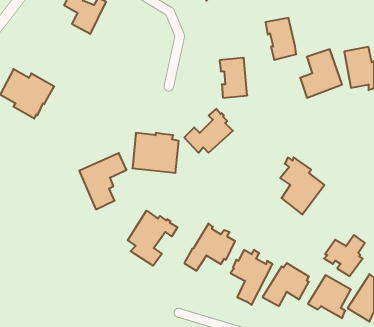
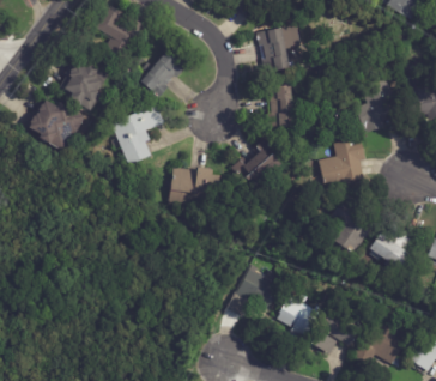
building: [265,18,296,60] -> [258,28,291,73]
building: none -> [140,52,184,99]
building: none -> [61,62,109,110]
building: none -> [319,138,365,188]
building: [79,153,127,209] -> [113,104,164,165]
building: [128,211,177,266] -> none
building: [324,235,365,276] -> [369,228,413,272]

